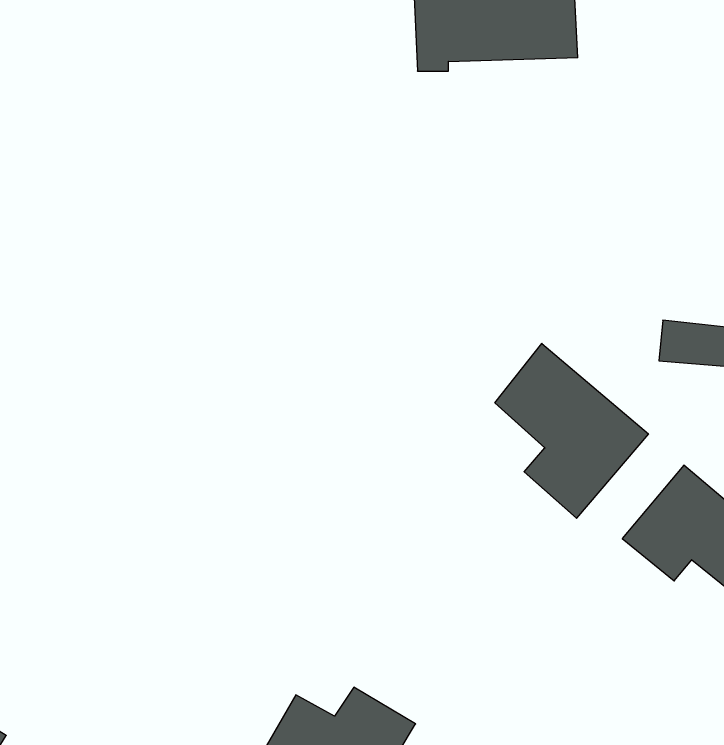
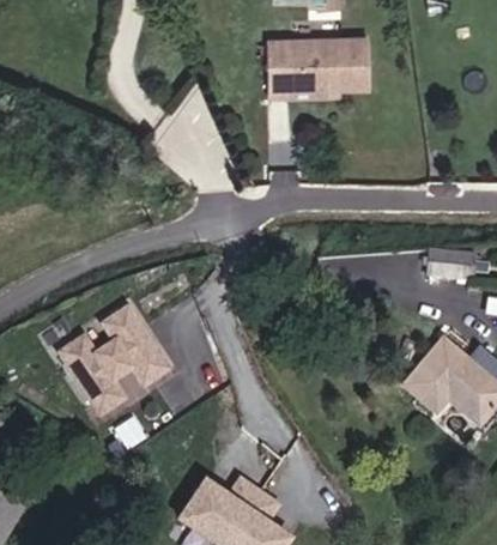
building: [495,343,648,518] -> none
building: none -> [56,308,165,416]

